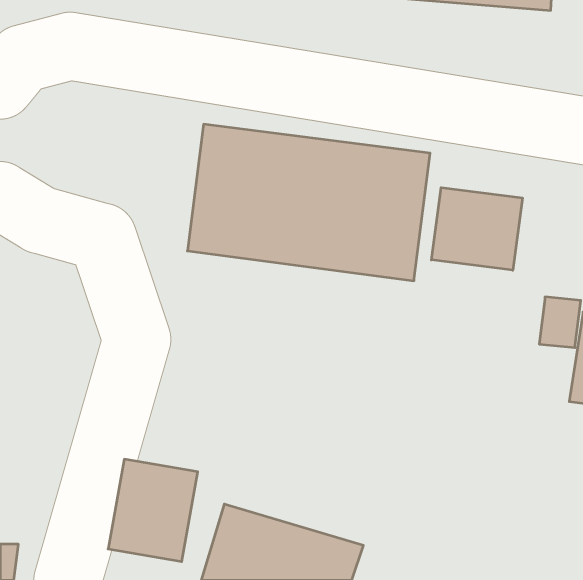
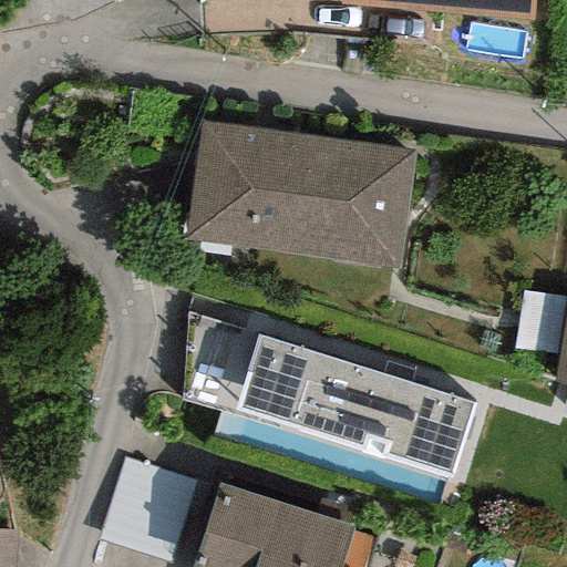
building: [431,188,522,270] -> none
building: none -> [185,313,472,474]

